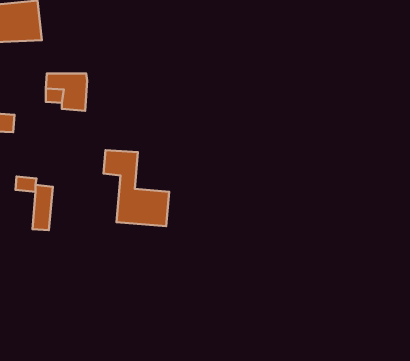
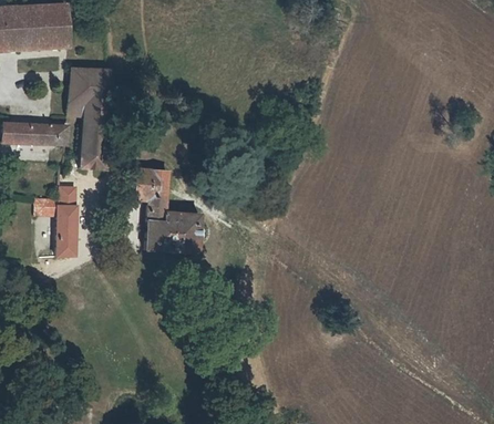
building: none -> [69,68,113,83]
building: none -> [82,122,112,165]
building: none -> [33,128,63,148]

